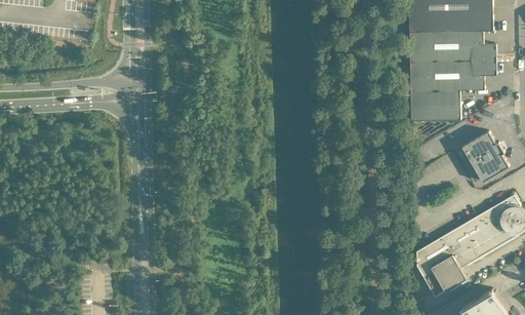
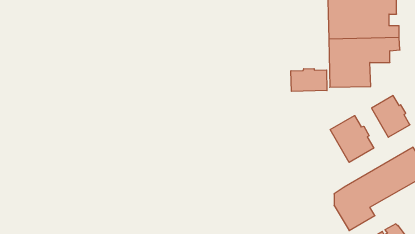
building: none -> [291,69,327,91]
building: none -> [330,116,374,162]

